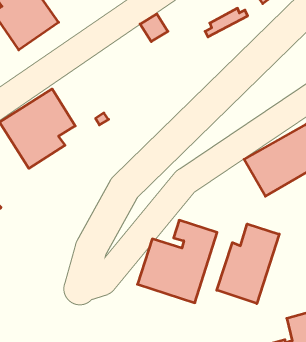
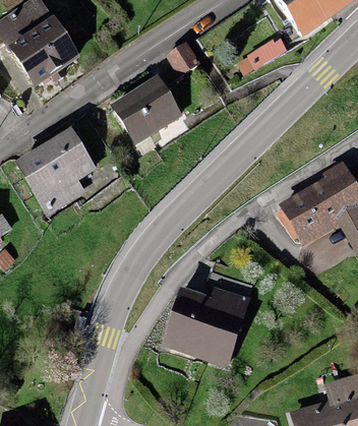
building: none -> [112,75,183,142]
building: [217,224,279,304] -> none

